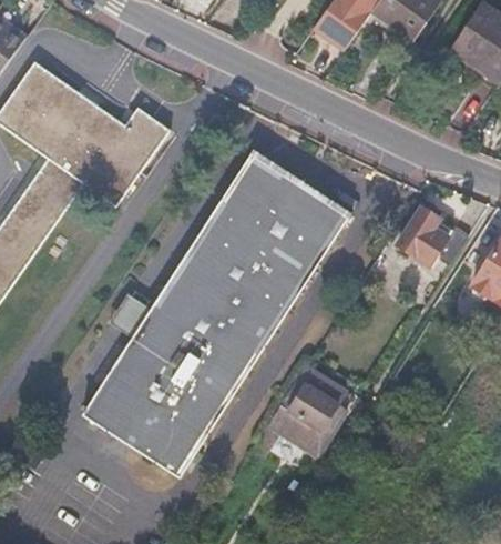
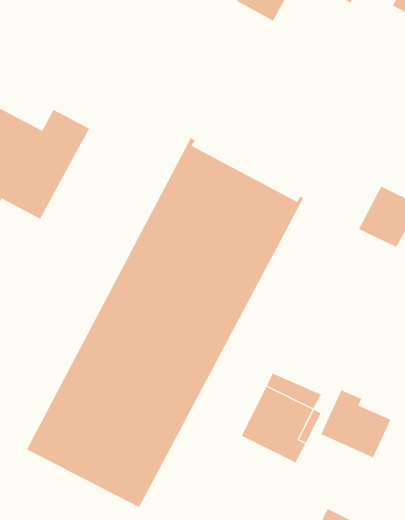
building: none -> [320,389,391,458]

